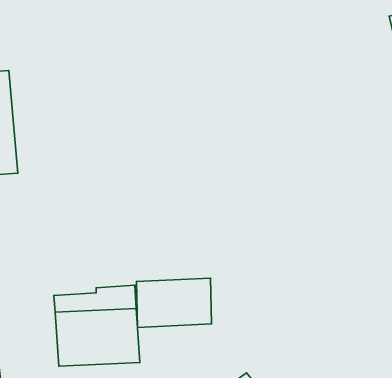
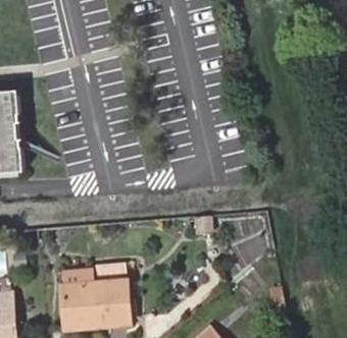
building: [136,278,211,328] -> none

